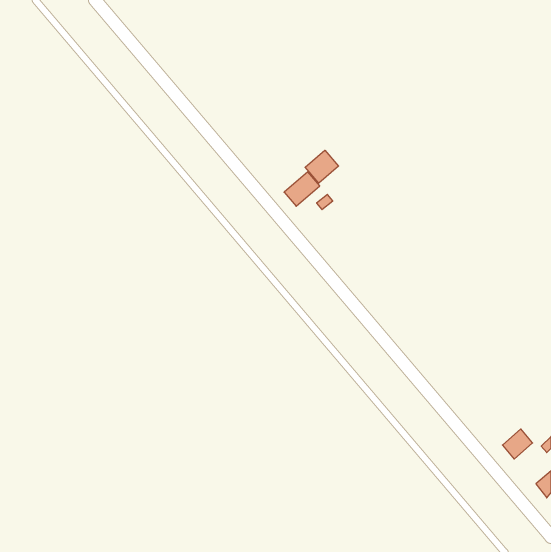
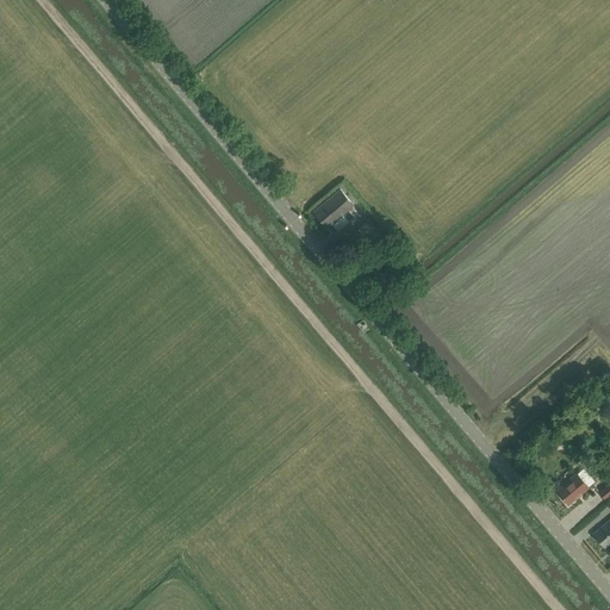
building: [305,150,339,183] -> none

